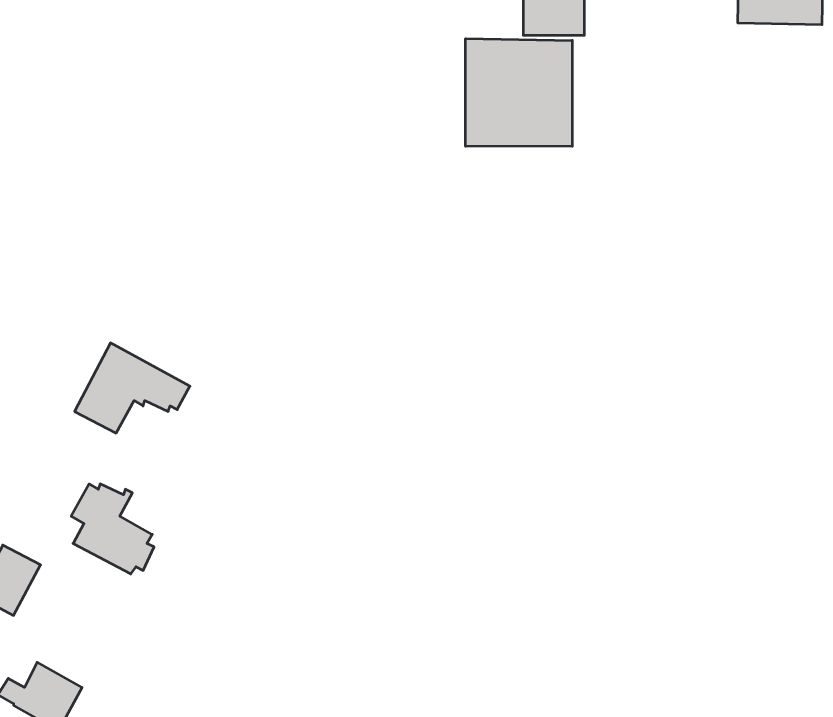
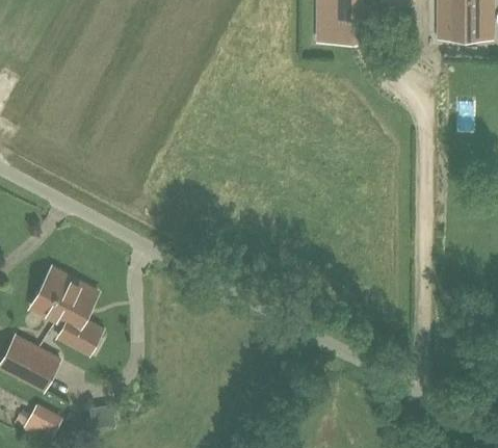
building: [466,39,572,146] -> none
building: [75,343,190,433] -> [31,269,98,321]
building: none -> [22,349,59,391]

